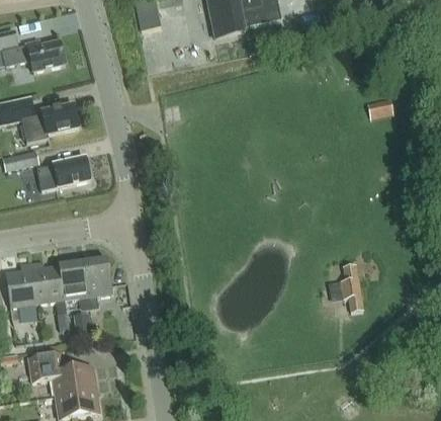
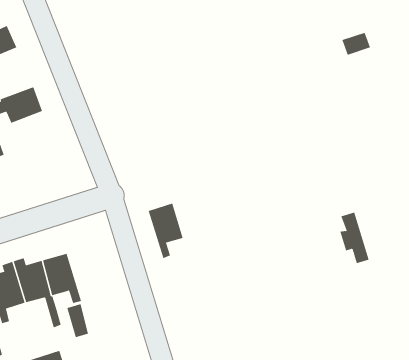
building: [36,156,90,189] -> none
building: [82,258,111,309] -> [148,203,184,259]

